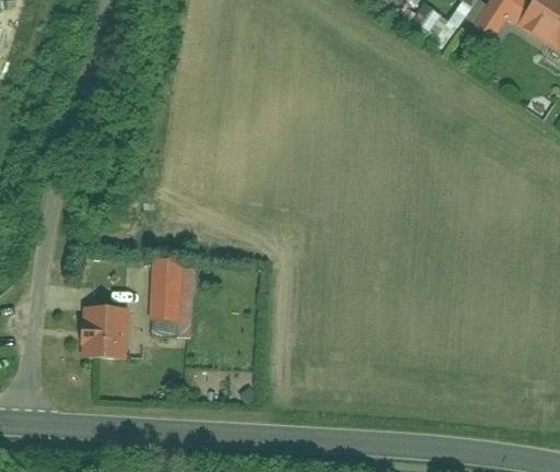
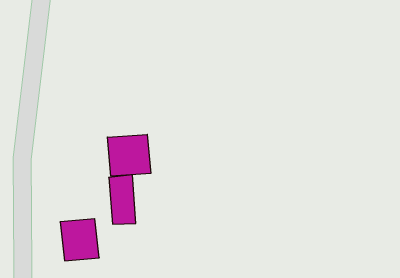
building: none -> [107,134,151,176]

